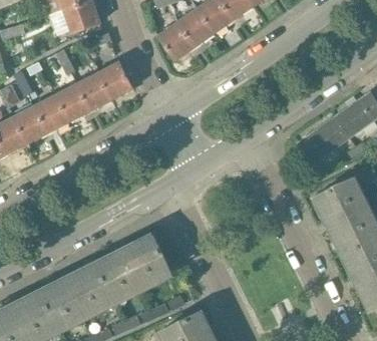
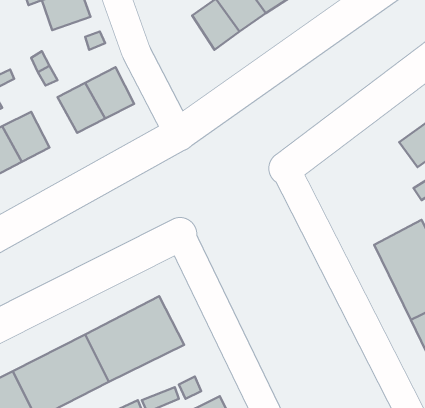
building: [157,21,195,60] -> none
building: [55,83,90,121] -> none
building: [299,117,349,162] -> none

